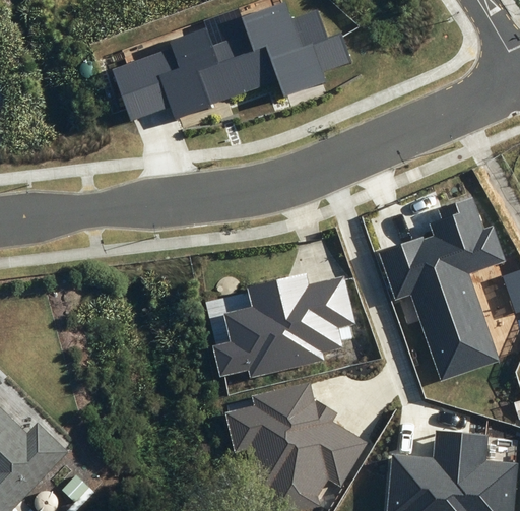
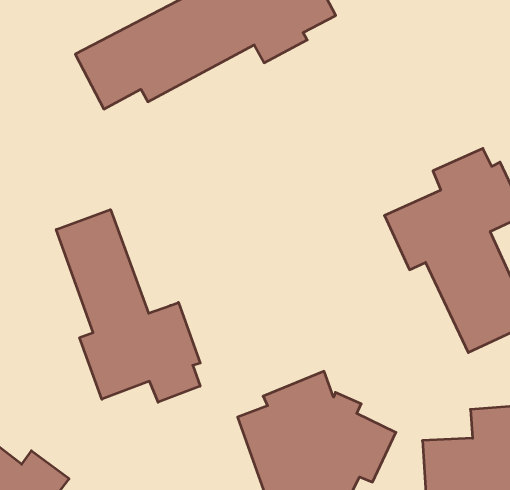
building: none -> [56,210,200,402]
building: [213,274,356,377] -> none

